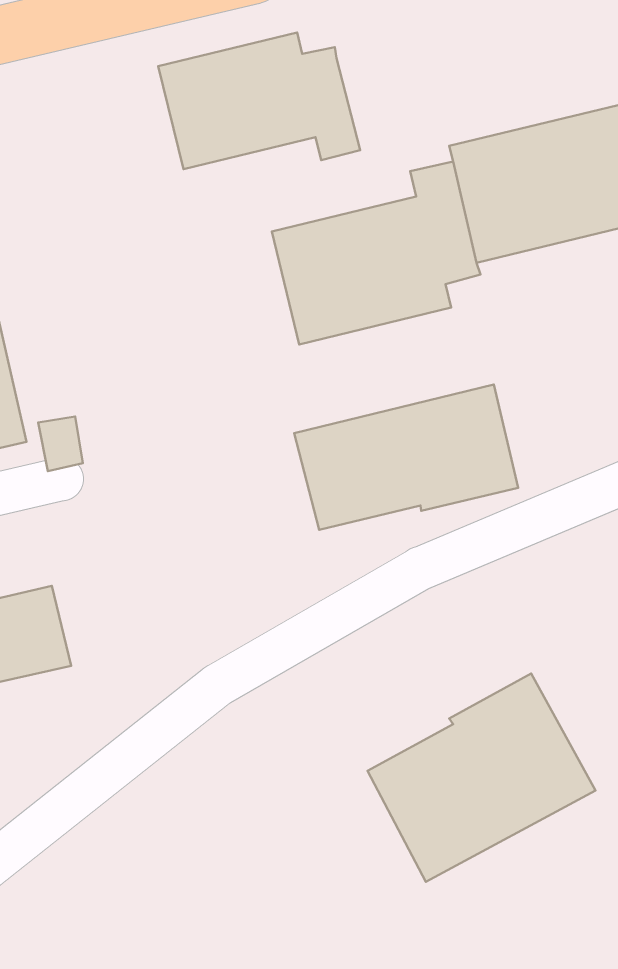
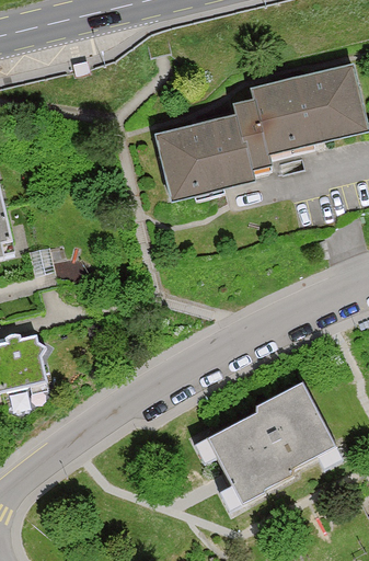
building: [158,32,360,169] -> none
building: [294,384,518,530] -> none

